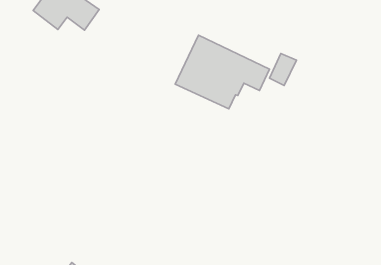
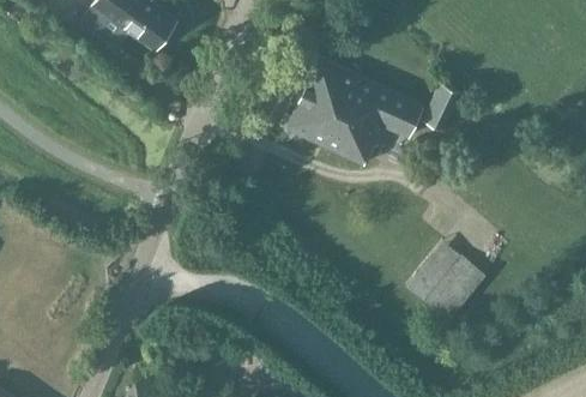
building: none -> [403,240,483,321]

